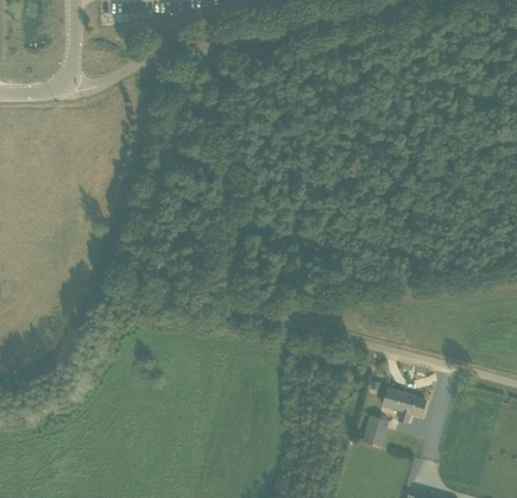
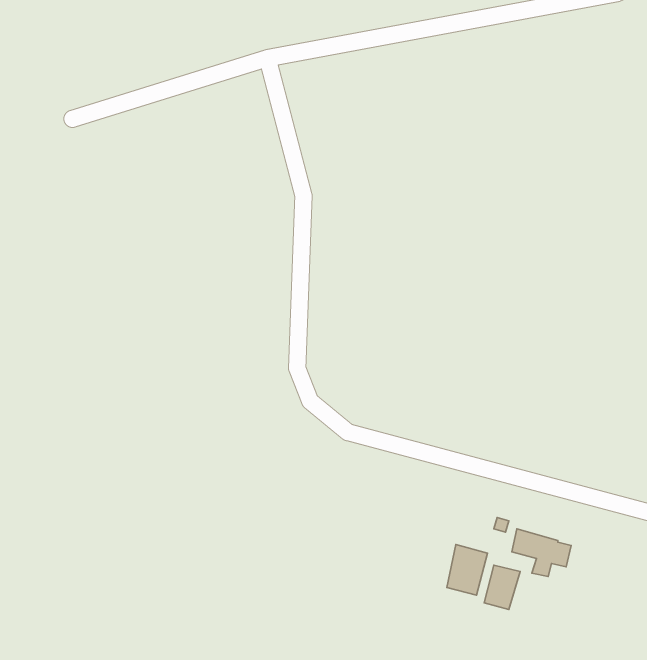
building: none -> [447,545,488,595]

